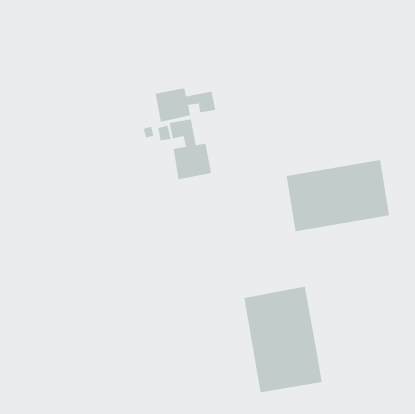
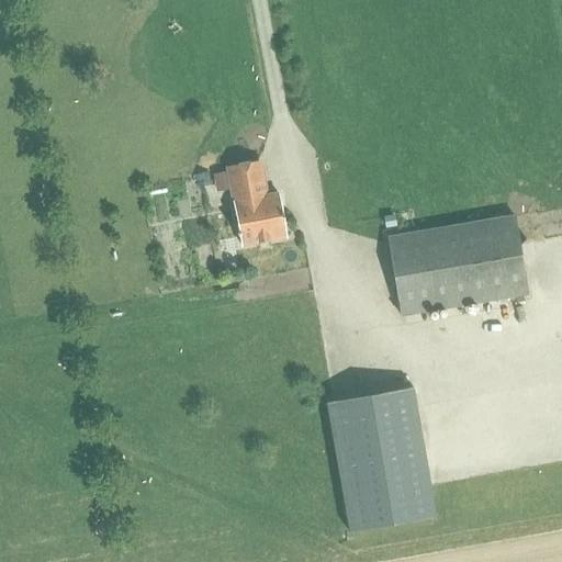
building: [155,88,216,122] -> none

